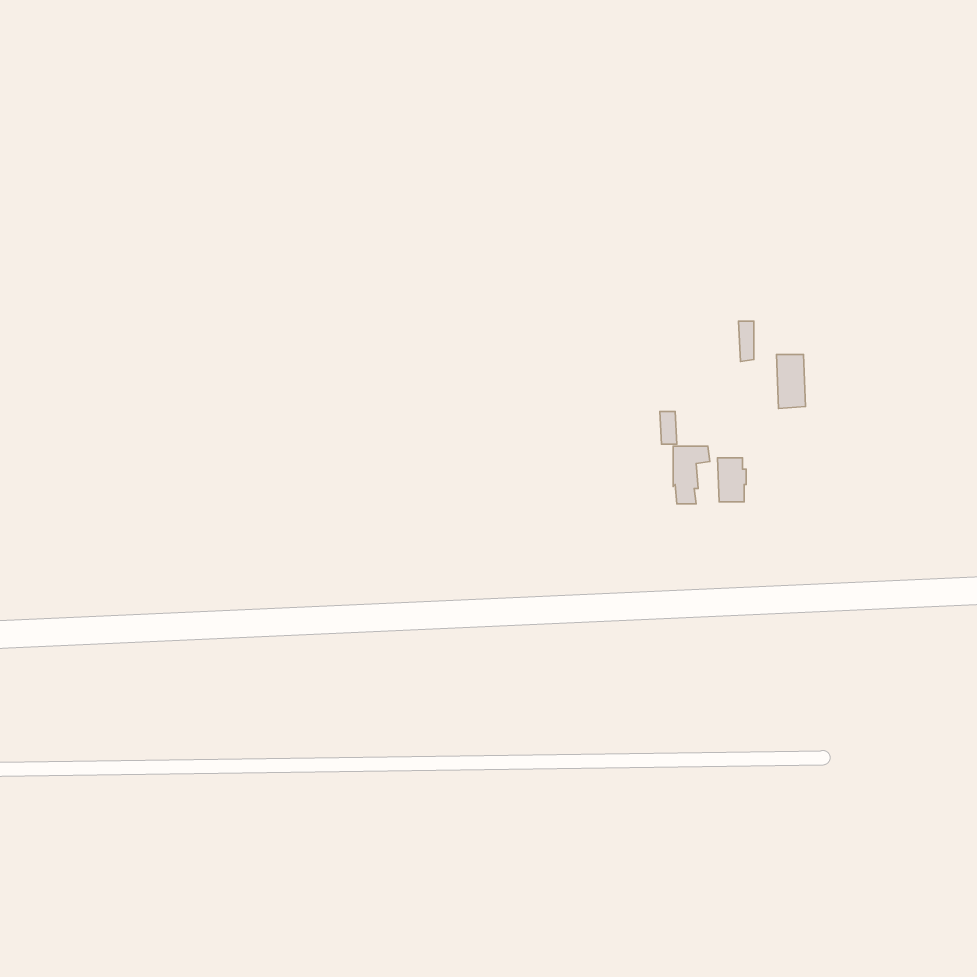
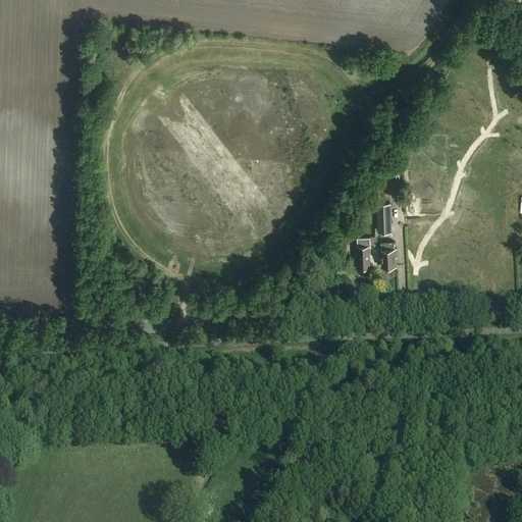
building: [777,355,805,408] -> [379,208,395,237]

